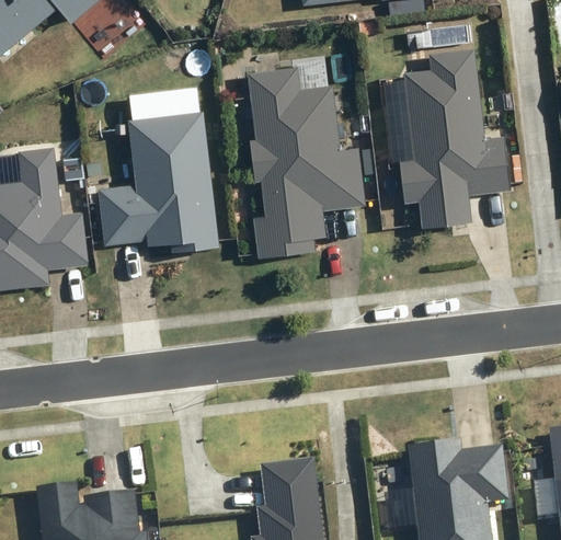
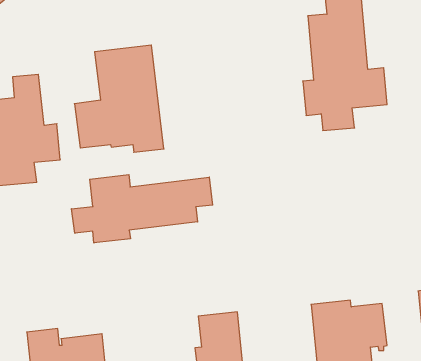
building: [250,69,369,256] -> none
building: none -> [71,175,213,243]

